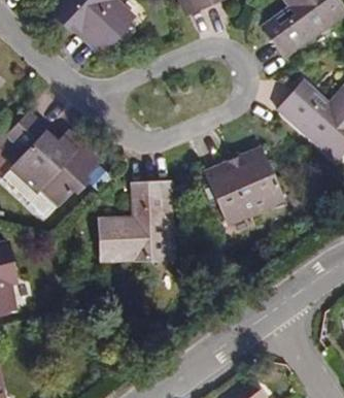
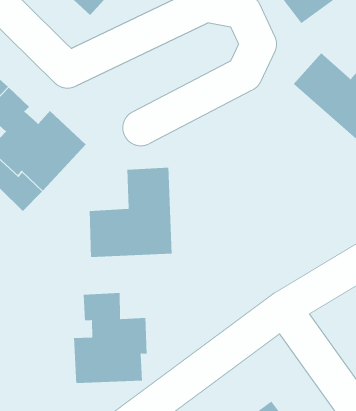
building: [203,148,282,223] -> none
building: none -> [73,292,148,384]

